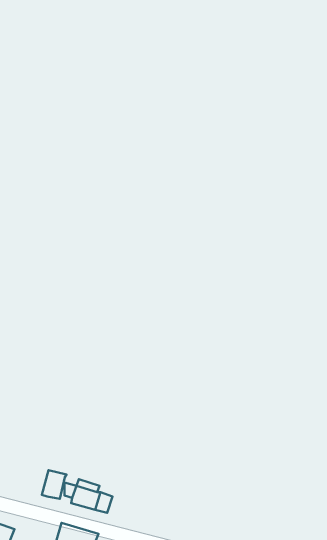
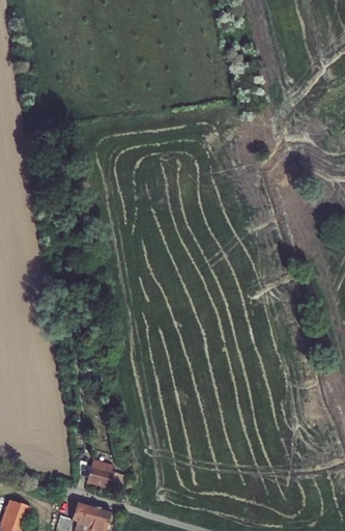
building: [42,470,67,499] -> none

